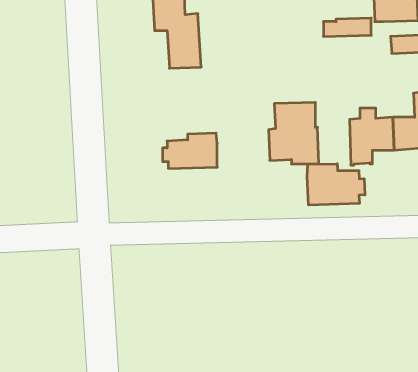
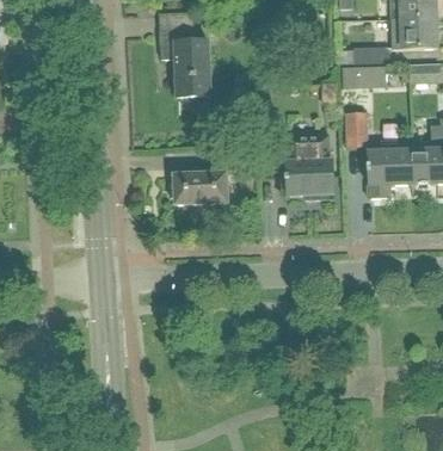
building: none -> [339,63,389,87]
building: none -> [345,111,368,147]
building: [307,164,365,205] -> none

